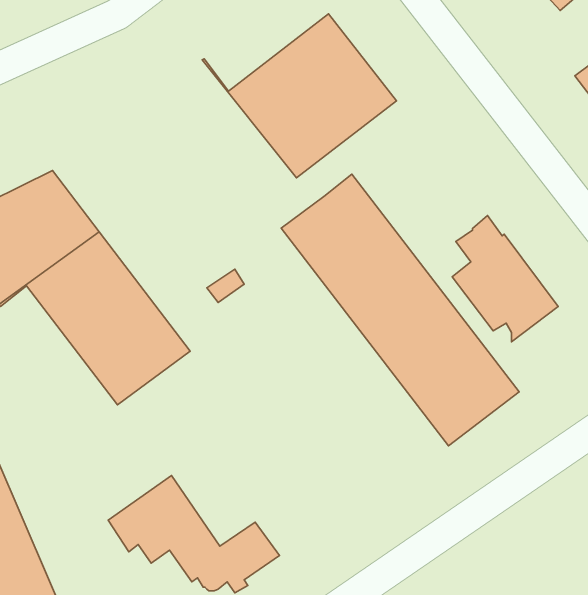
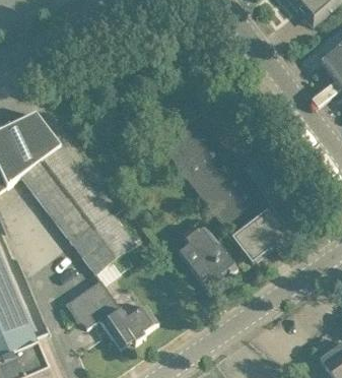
building: [202,14,397,178] -> none
building: [452,215,558,342] -> [180,218,237,288]
building: none -> [71,210,135,272]

